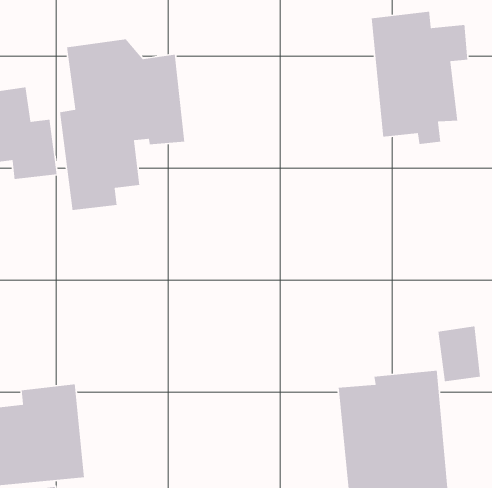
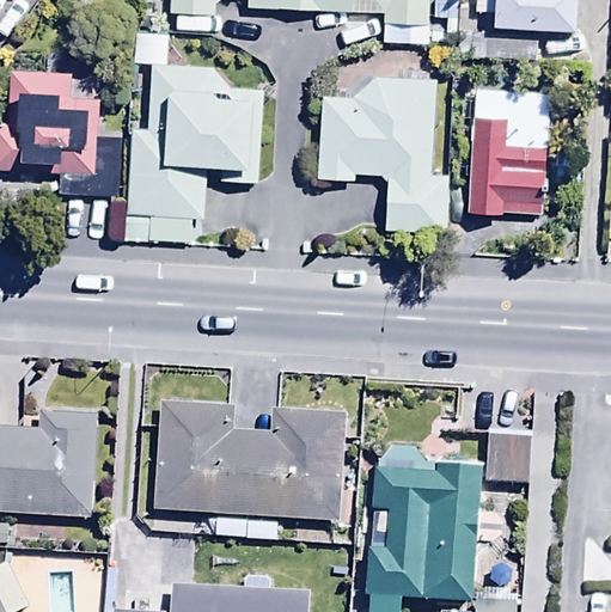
building: none -> [318,76,448,232]
building: none -> [154,399,347,538]

